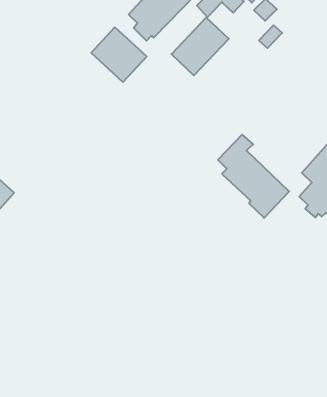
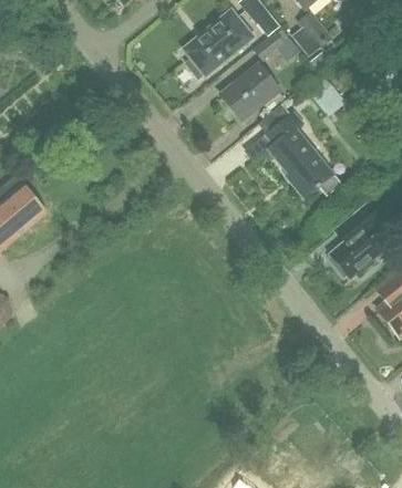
building: [91,27,147,82] -> none
building: [218,135,289,218] -> [266,111,333,197]

